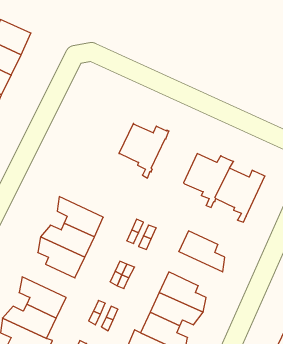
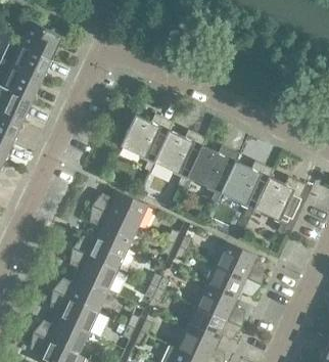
building: none -> [121,115,174,172]
building: none -> [188,146,240,202]
building: none -> [92,191,148,228]
building: none -> [206,264,263,300]
building: none -> [53,277,108,312]

